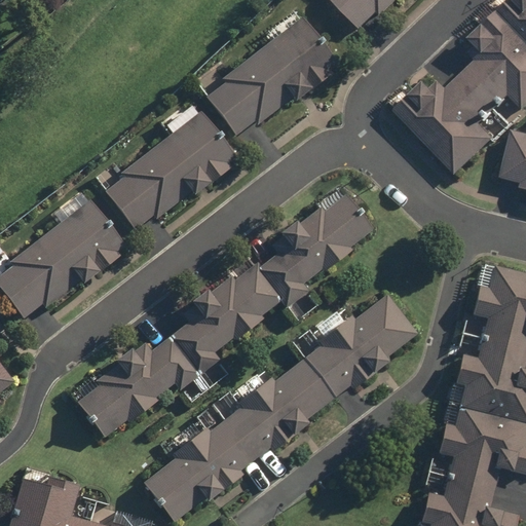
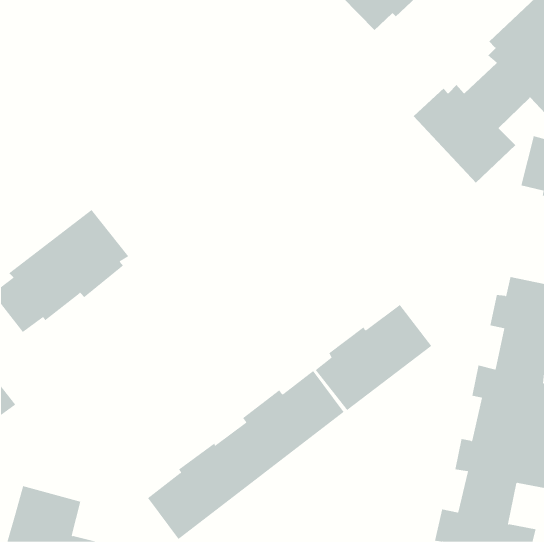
building: [204,18,337,139] -> none
building: [103,112,235,232] -> none
building: [76,193,372,436] -> none

